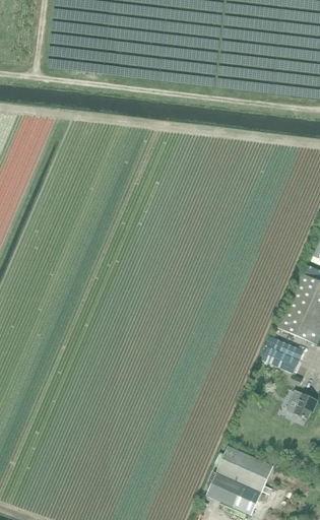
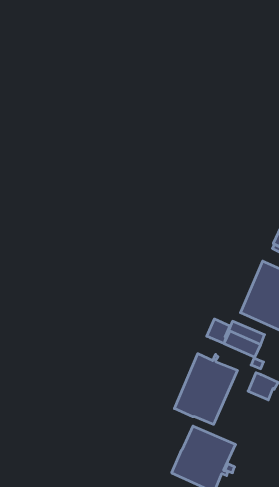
building: none -> [207,319,230,344]
building: none -> [174,354,237,424]

